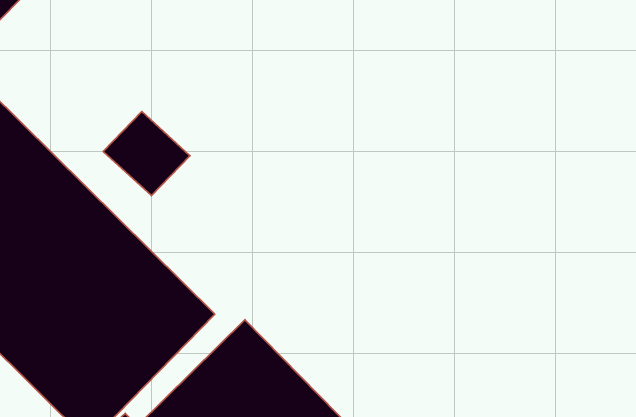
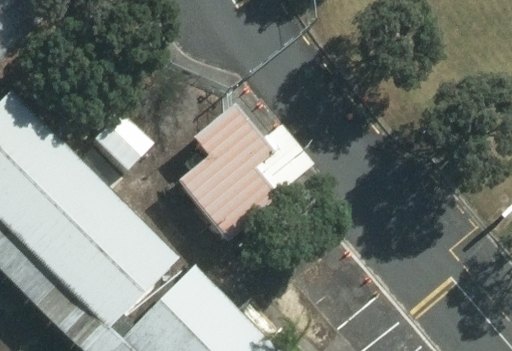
building: none -> [179,106,314,243]

